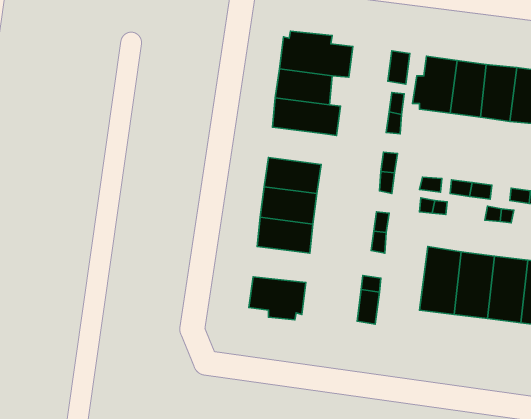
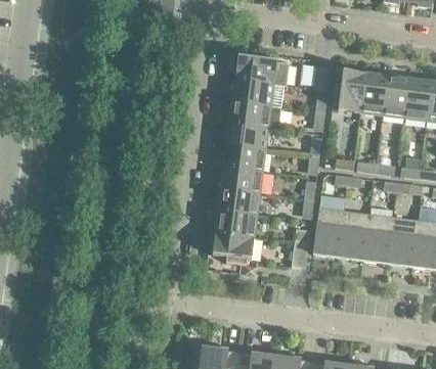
building: none -> [226,122,268,149]
building: none -> [313,206,344,257]
building: none -> [215,210,257,236]

